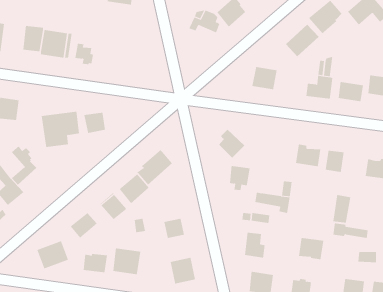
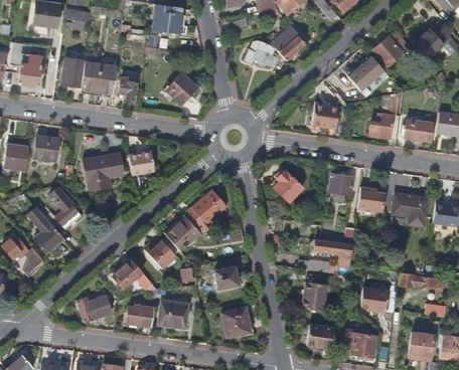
building: none -> [168,72,196,105]
building: [229,166,250,191] -> [329,173,352,200]
building: [333,194,351,223] -> [407,195,427,226]

